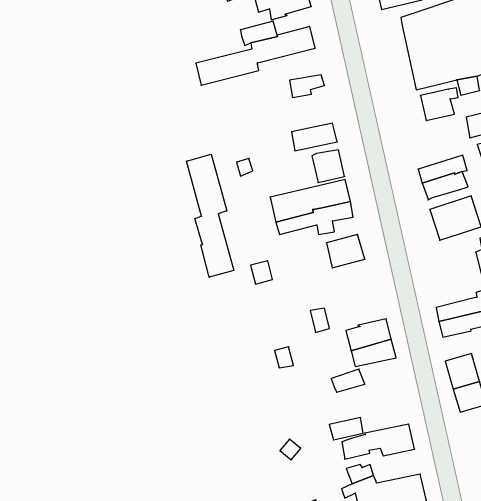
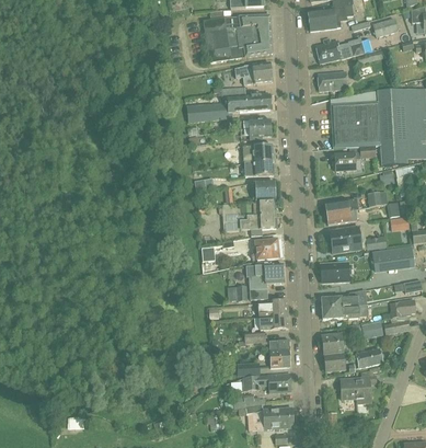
building: none -> [243,143,273,162]
building: [186,154,234,277] -> none
building: none -> [321,261,348,282]
building: none -> [249,263,283,298]
building: none -> [269,338,290,366]

